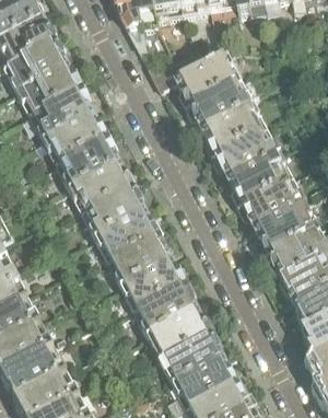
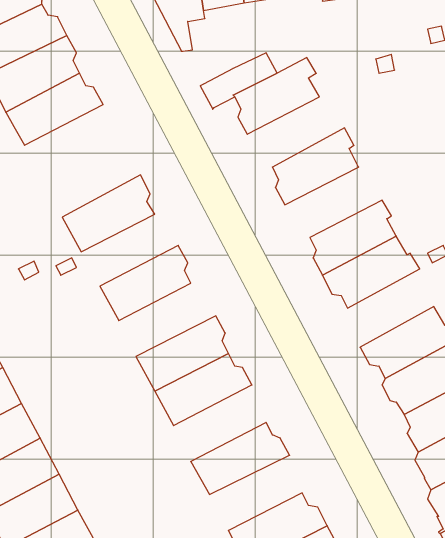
building: [184,79,251,128] -> none
building: [22,84,109,163] -> none
building: [210,126,278,177] -> none
building: [68,161,136,211] -> none
building: [254,197,314,254] -> none
building: [94,209,162,260] -> none
building: [132,280,197,334] -> none
building: [157,329,222,382] -> none

